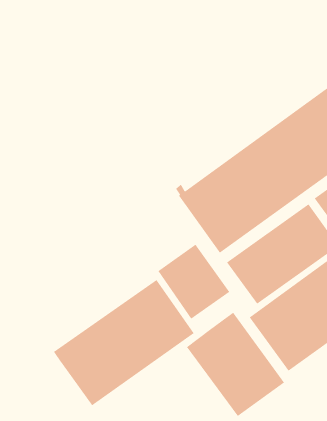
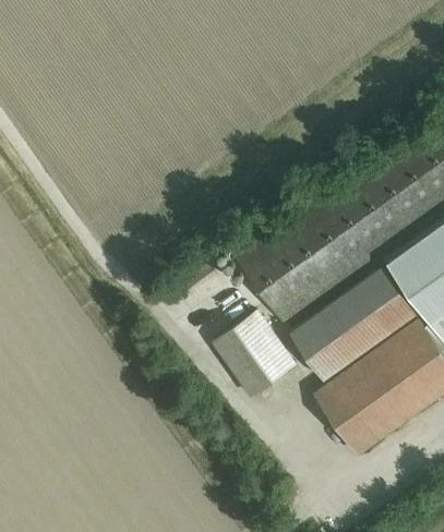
building: [53,279,195,406] -> none
building: [186,312,285,417] -> none

